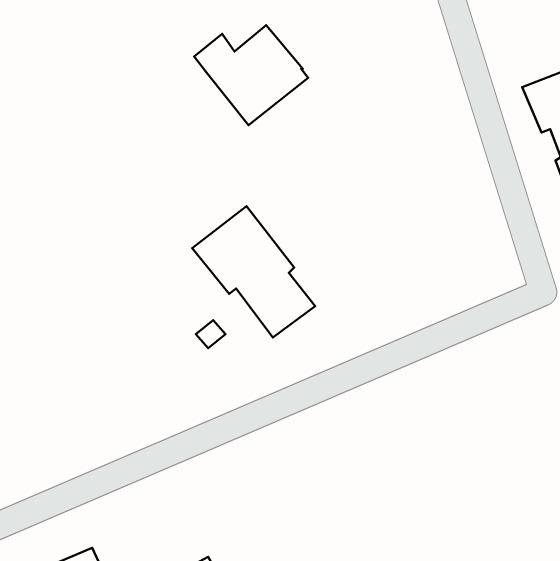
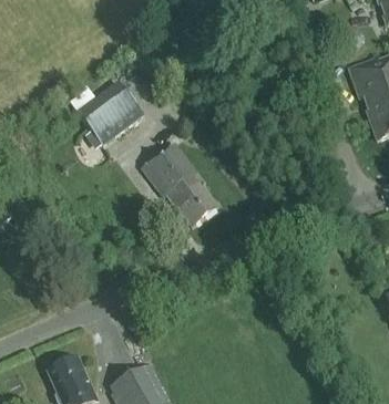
building: [194,25,308,125] -> [69,80,141,143]

